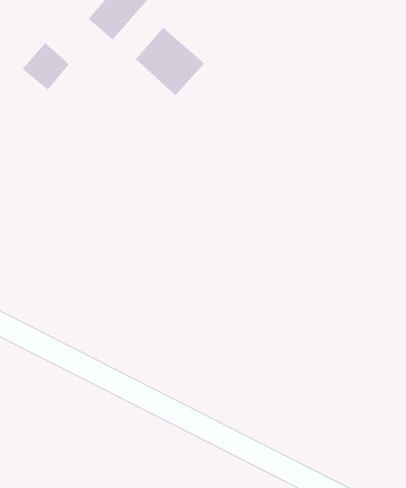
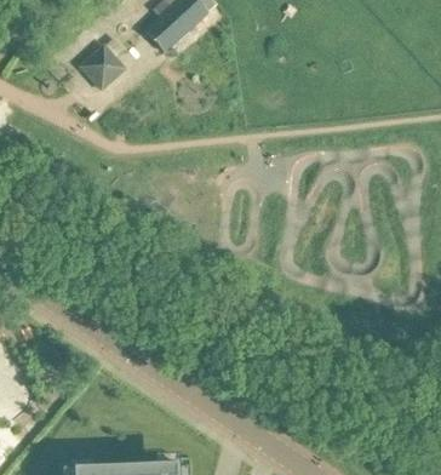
building: [135,27,205,96] -> none

